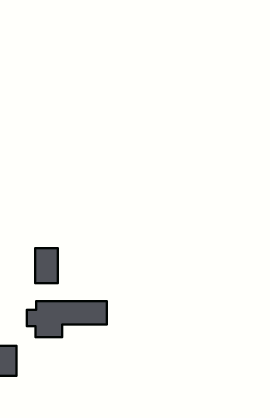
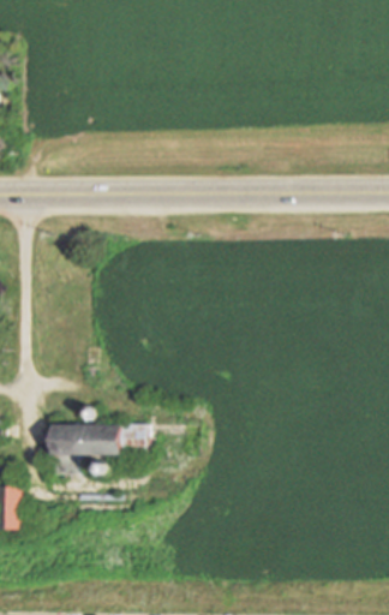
building: [35,248,58,283] -> none

